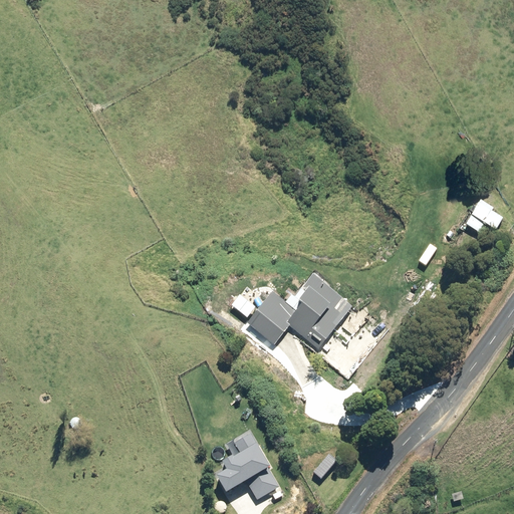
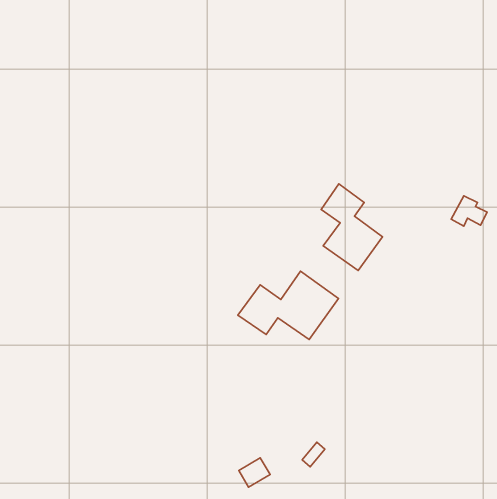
building: none -> [321,184,382,271]
building: [215,433,268,491] -> none

